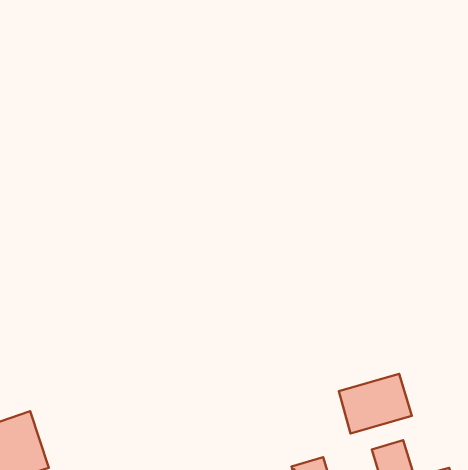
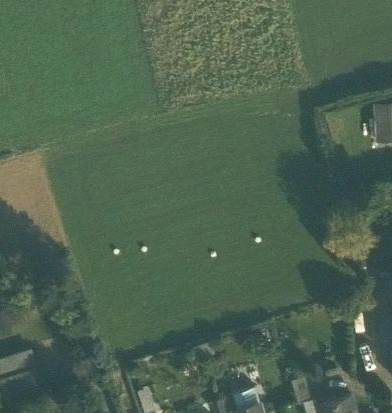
building: [339,374,412,434] -> none

